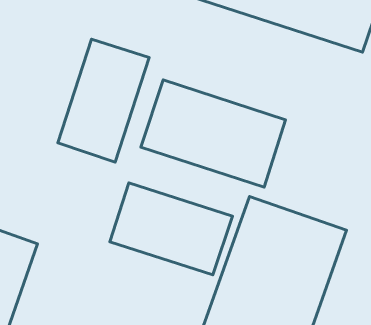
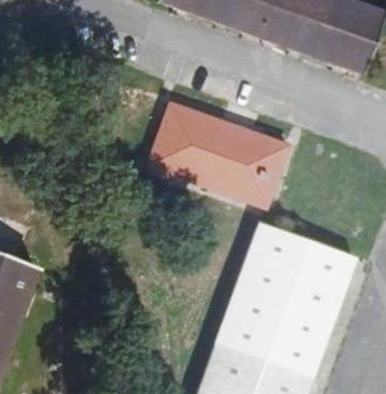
building: [58,39,149,162] -> none
building: [110,183,232,275] -> none

